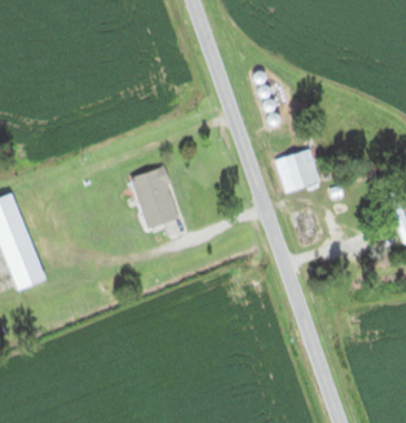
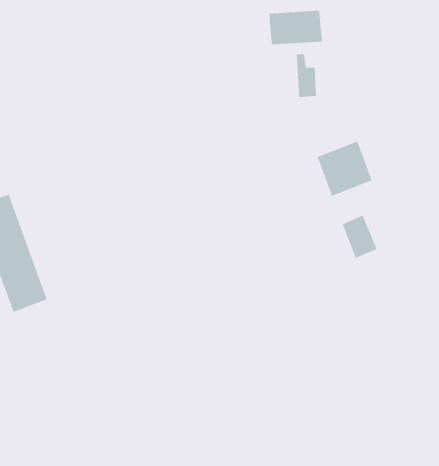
building: none -> [269,10,322,45]
building: [130,167,178,229] -> none

